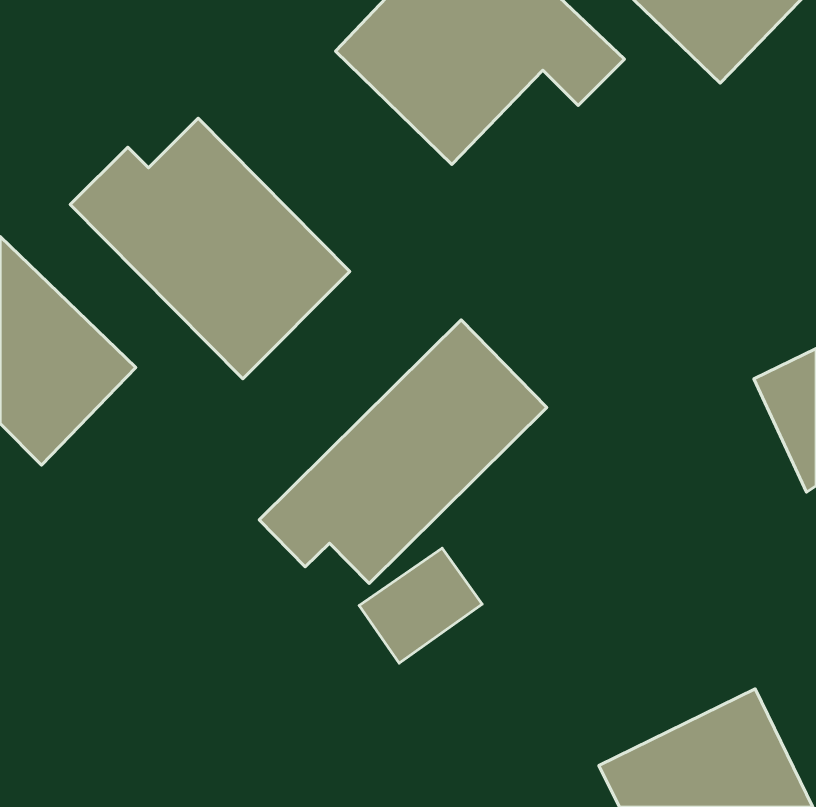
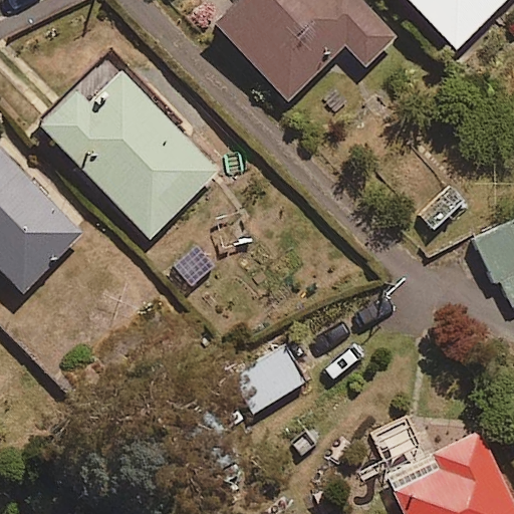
building: [259,320,547,584] -> none

